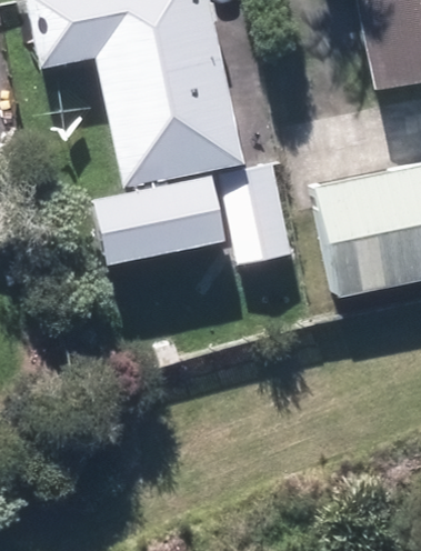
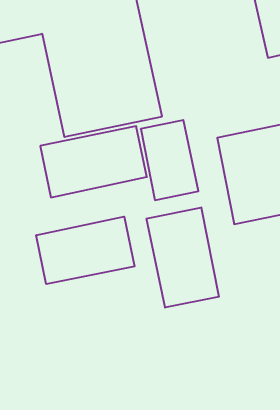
building: none -> [147,207,219,308]
building: none -> [36,217,135,284]

